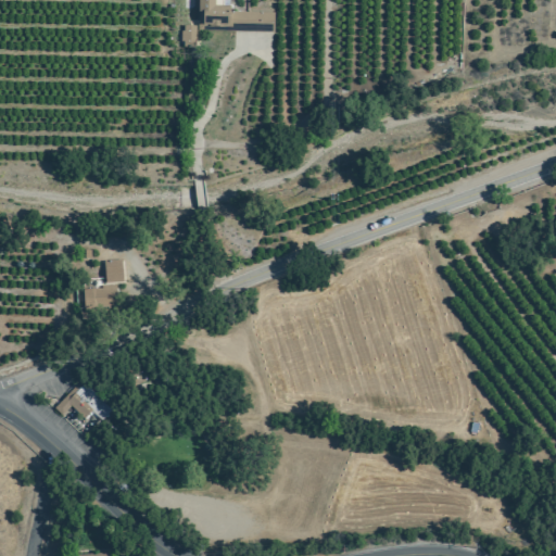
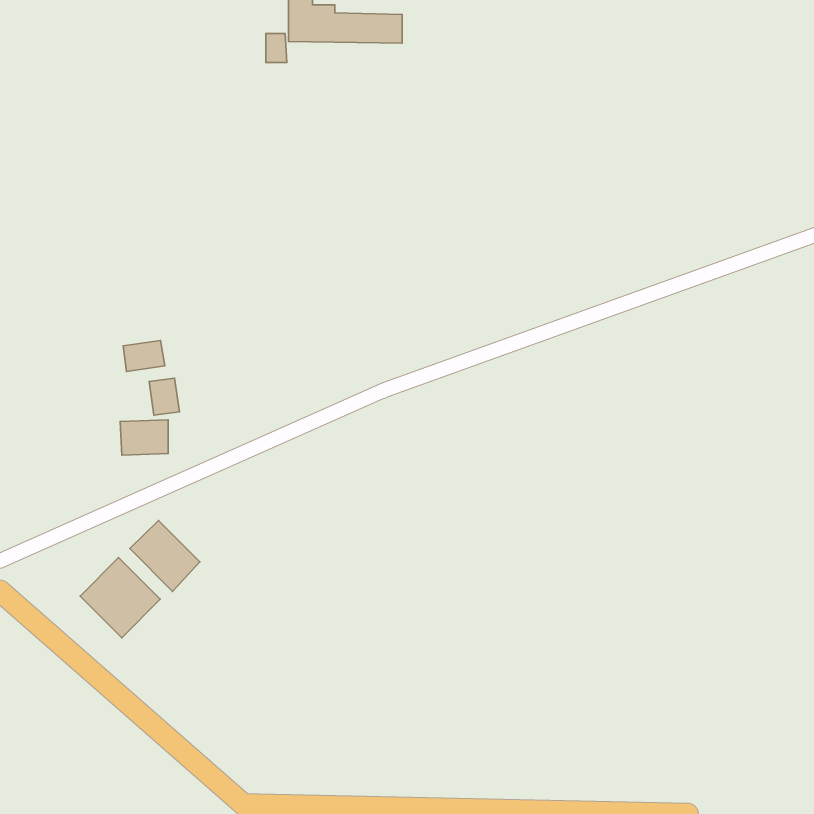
building: none -> [123,341,165,371]
building: none -> [130,521,200,591]

